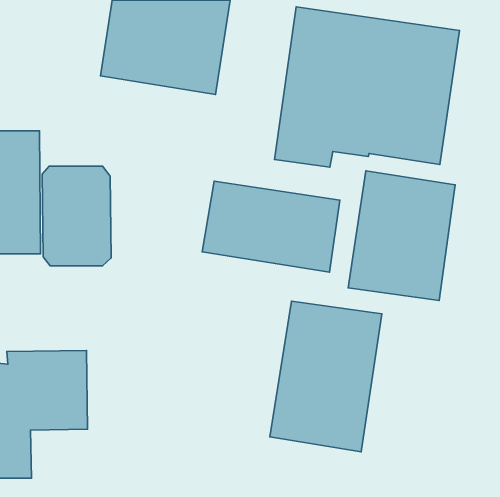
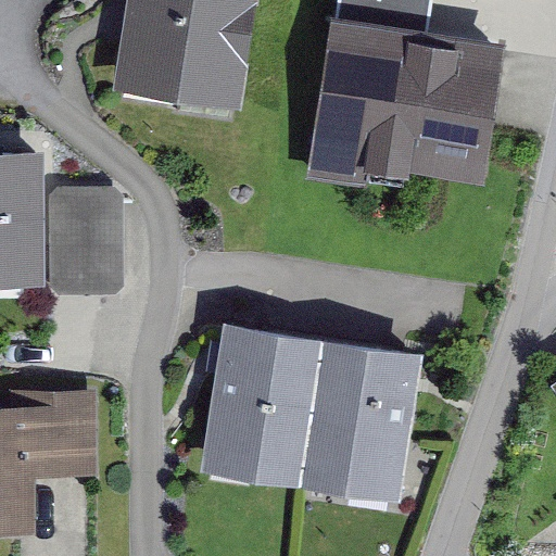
building: [348,171,455,300] -> none
building: [202,181,340,272] -> none
building: none -> [198,323,321,489]

